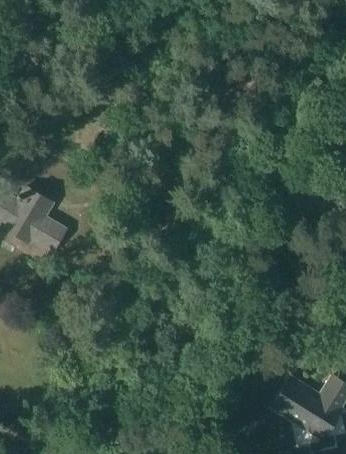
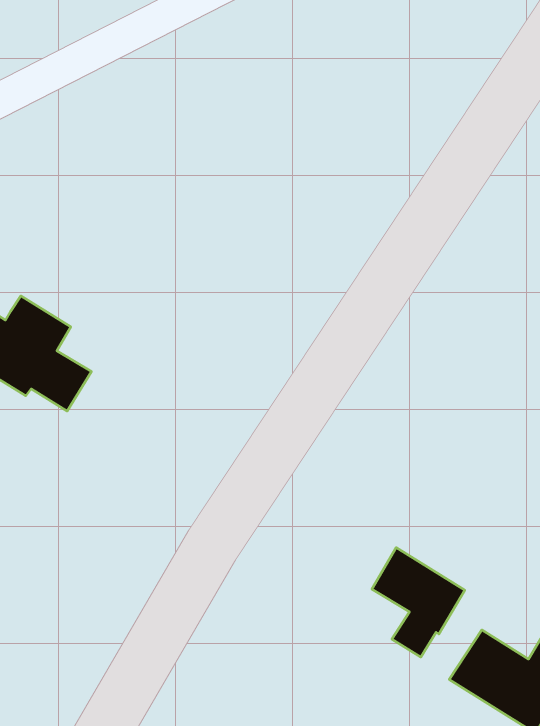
building: none -> [372,548,465,657]

